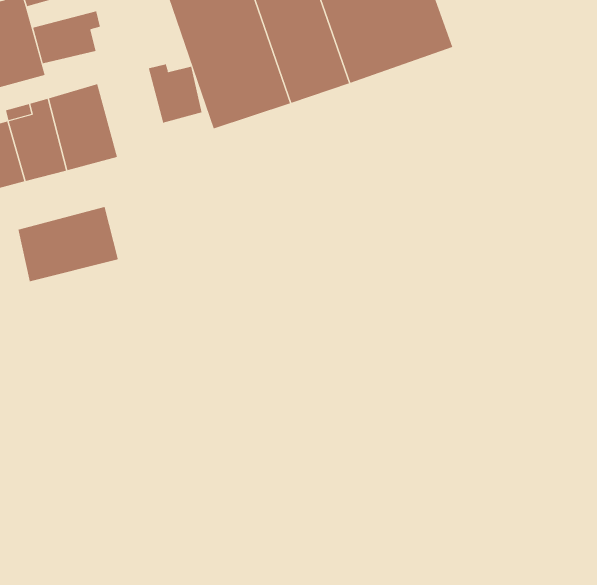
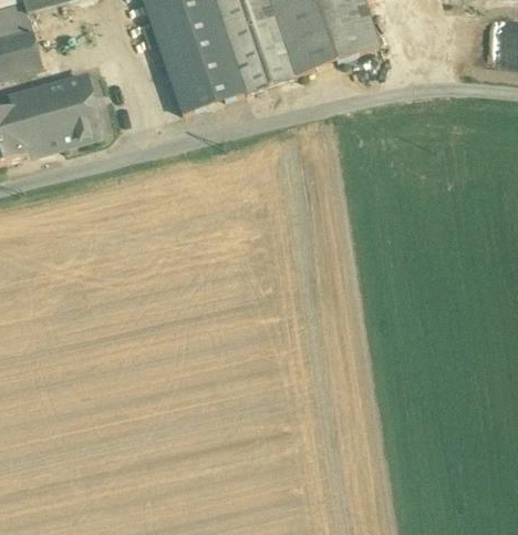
building: [33,10,100,64] -> none
building: [148,63,202,123] -> none
building: [18,206,119,282] -> none

